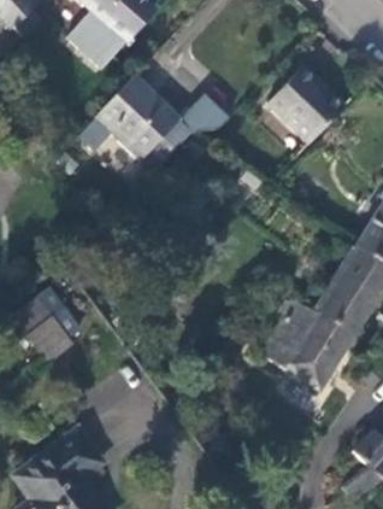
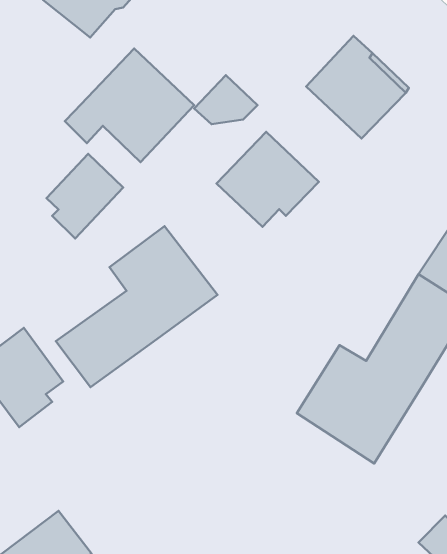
building: none -> [216,132,319,227]
building: none -> [47,154,123,238]
building: none -> [56,226,217,387]

